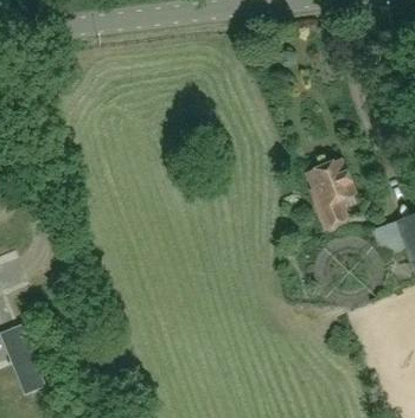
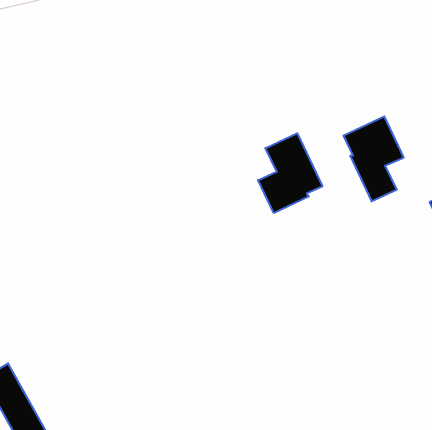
building: none -> [258,133,322,213]

